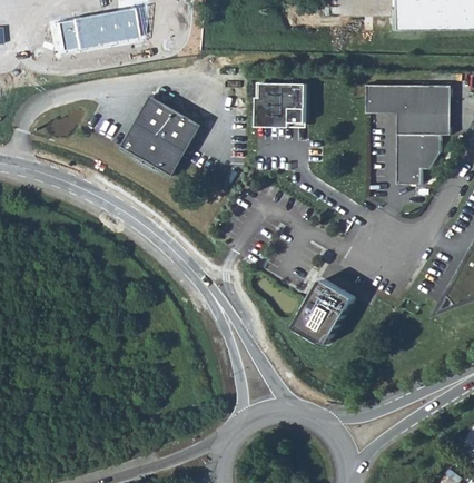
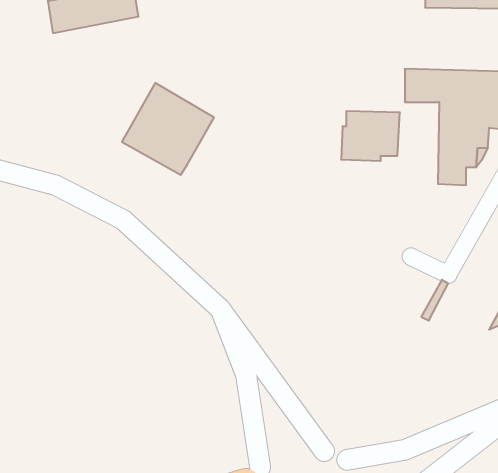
building: [256,80,307,124] -> [341,111,400,161]
building: [293,277,353,343] -> none

